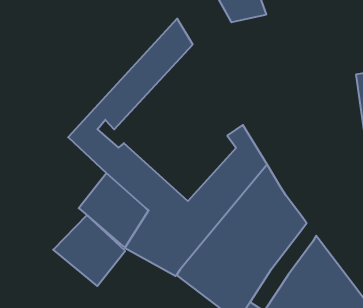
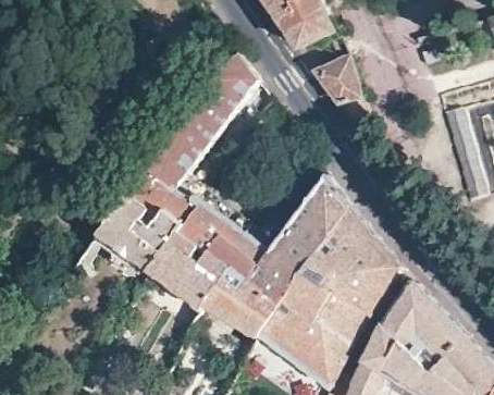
building: none -> [308,58,358,107]
building: [53,215,125,286] -> [95,195,174,272]

